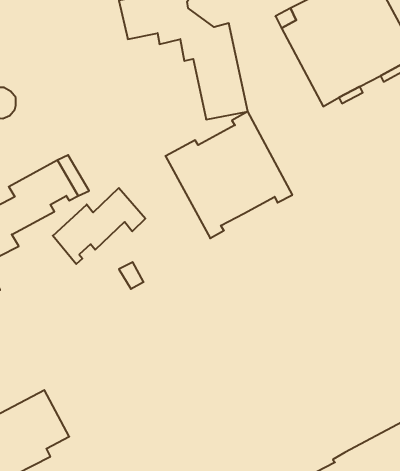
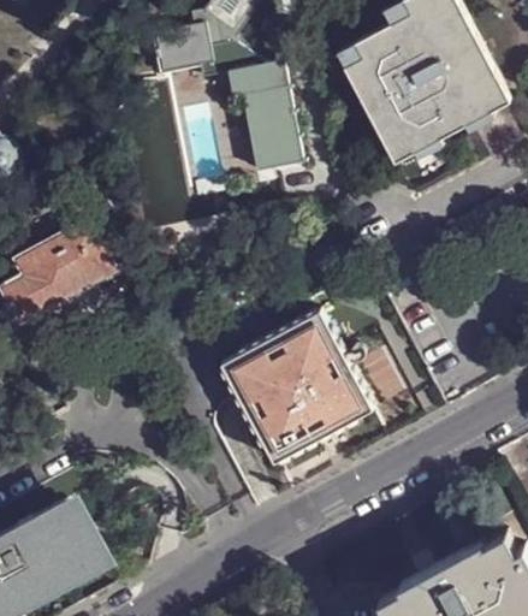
building: [165,111,292,238] -> [219,310,373,464]
building: [53,188,145,264] -> none
building: none -> [57,499,103,587]

